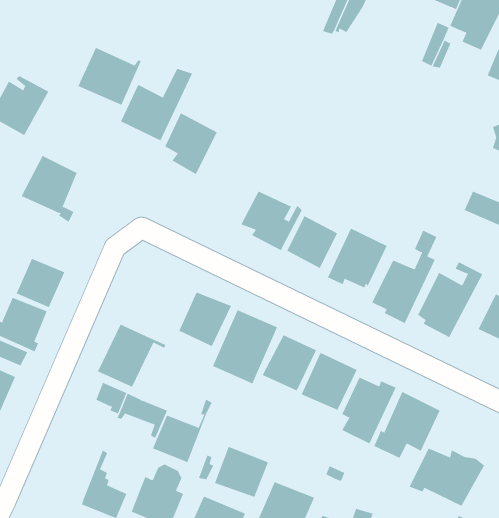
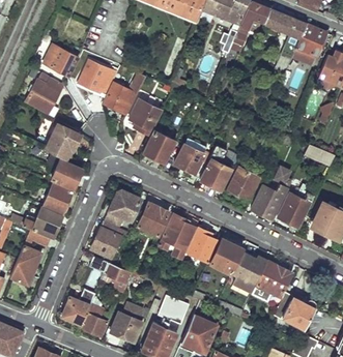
building: none -> [44,46,78,76]
building: none -> [143,129,174,162]
building: none -> [51,158,82,188]
building: none -> [104,189,142,229]
building: [152,399,212,463] -> [61,287,96,324]

